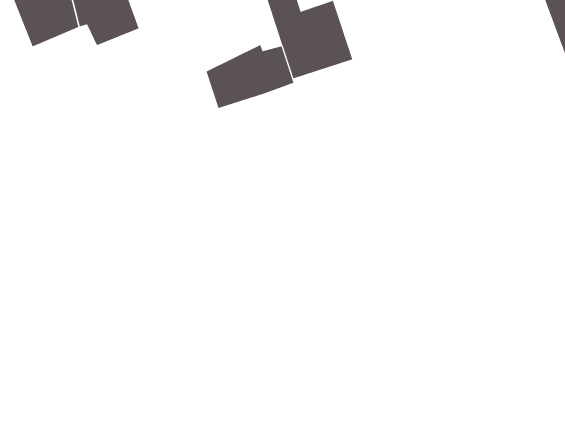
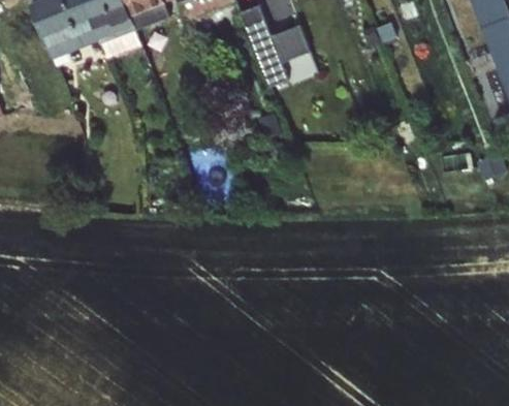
building: [206,44,294,109] -> none

